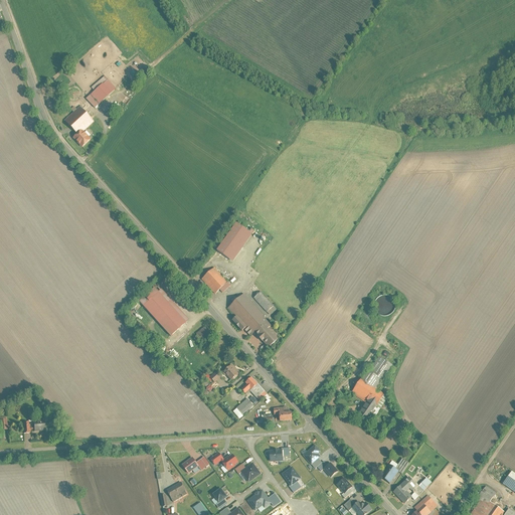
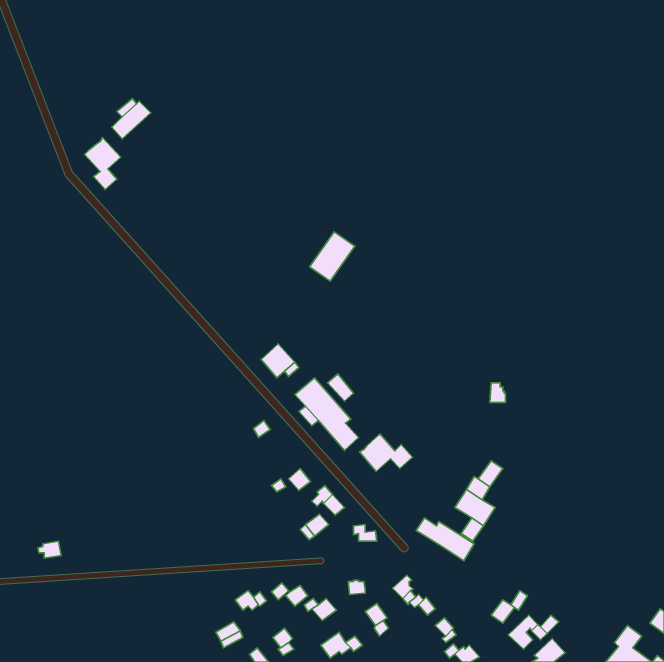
building: [216,222,251,261] -> [309,232,355,281]
building: [139,286,188,335] -> none
building: none -> [359,434,413,472]
building: none -> [416,518,474,561]

